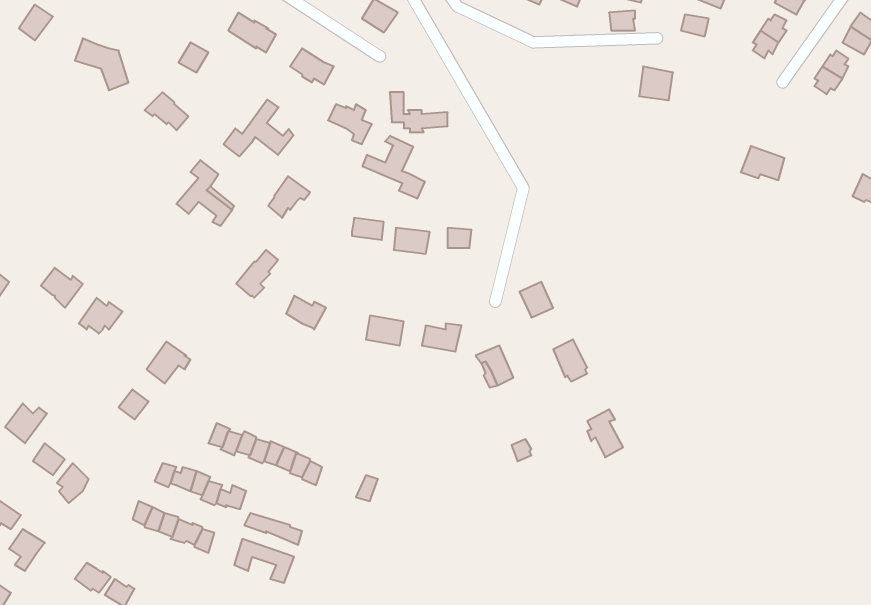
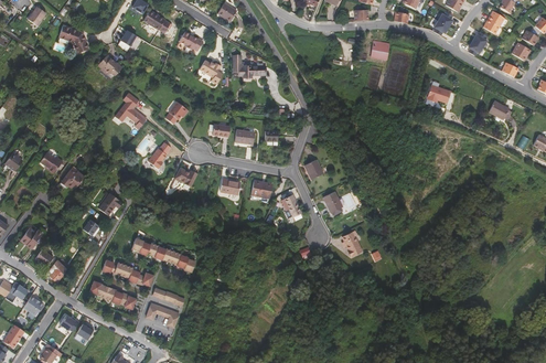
building: [224,100,294,156] -> none
building: [363,136,425,199] -> none

